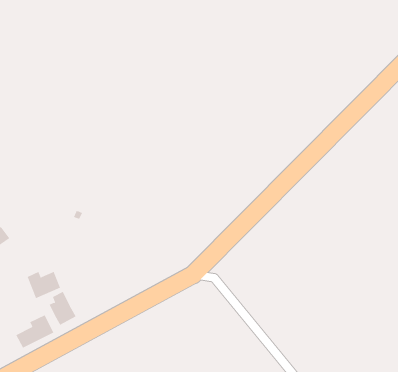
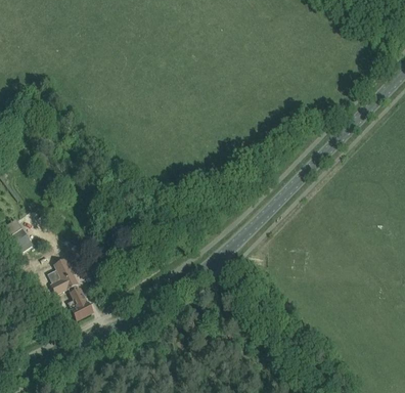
building: [16,315,54,348] -> none

